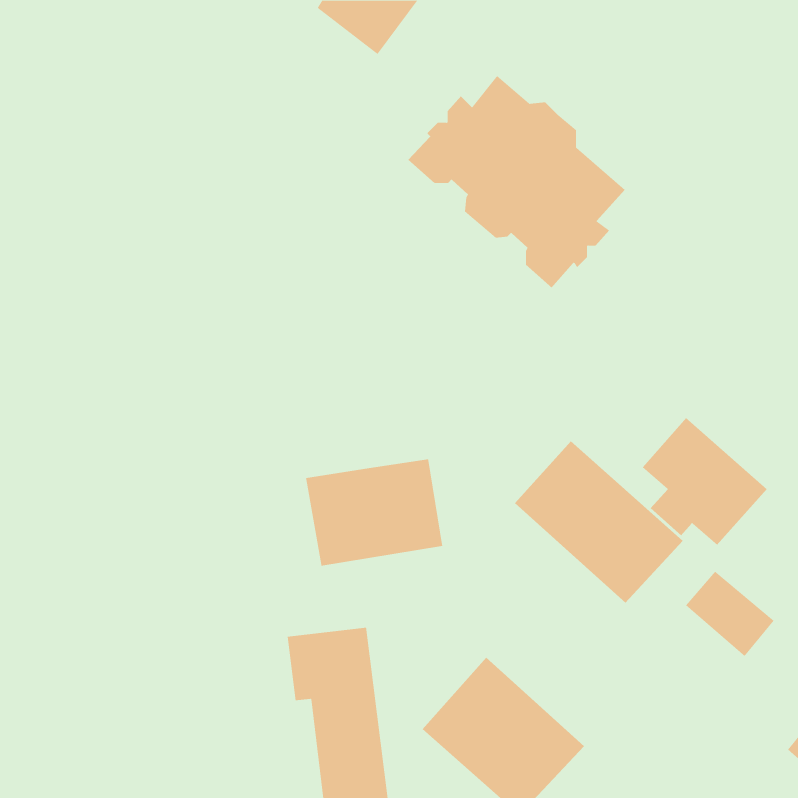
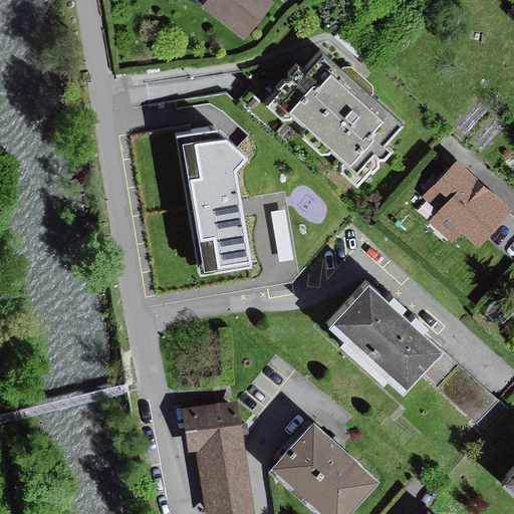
building: none -> [175,128,250,274]
building: [642,417,767,546] -> [429,164,509,246]
building: [306,458,443,567] -> none

